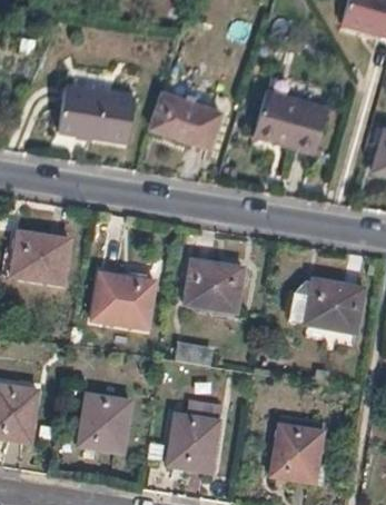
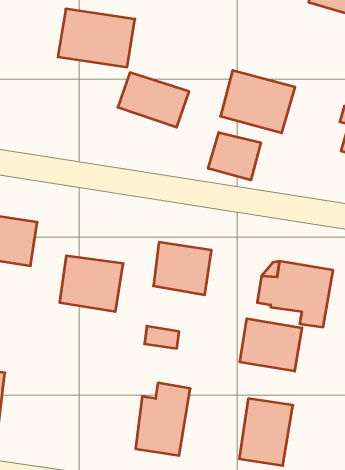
building: [58,83,135,141] -> [58,9,135,67]
building: none -> [208,132,261,180]
building: none -> [240,319,302,371]
building: [78,395,131,453] -> none

